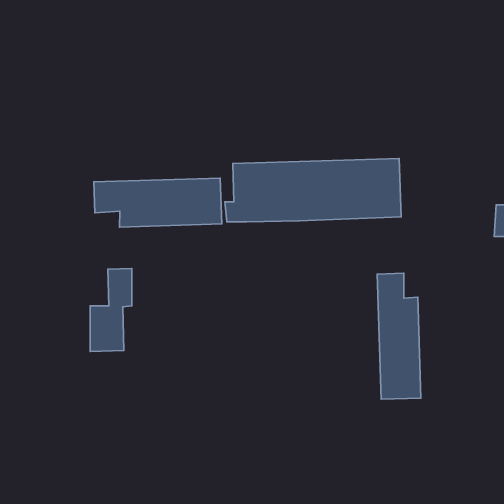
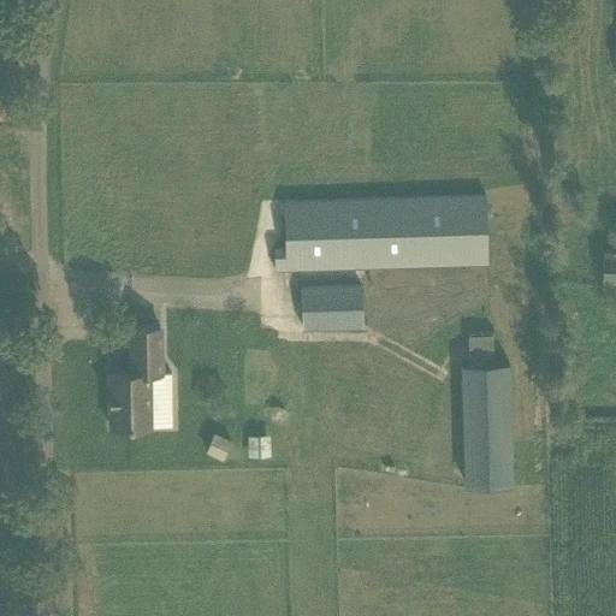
building: [94,178,222,227] -> none
building: none -> [302,288,365,331]

